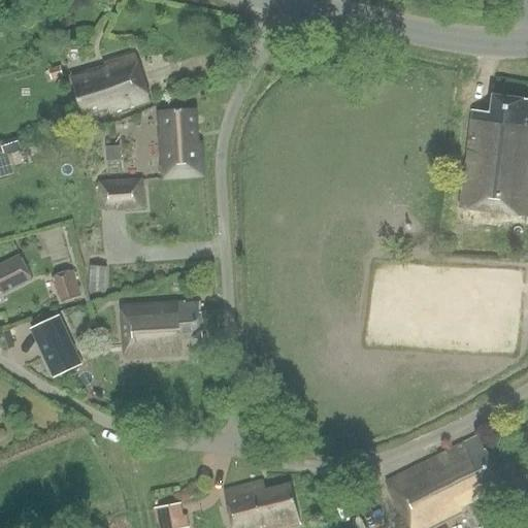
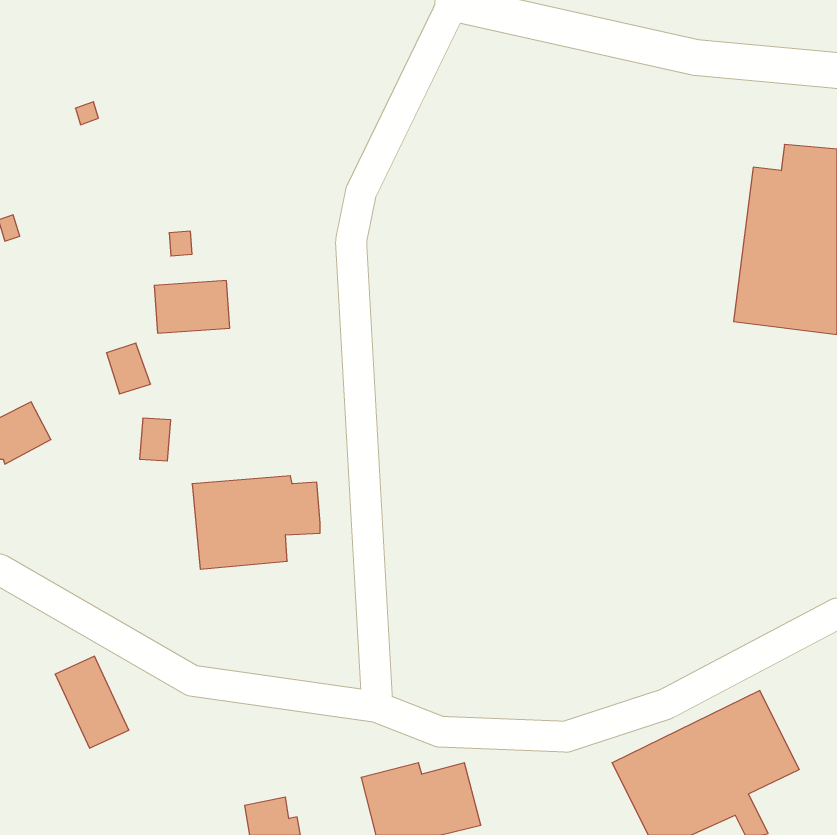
building: [68,51,145,113] -> none
building: [157,107,204,178] -> none
building: [53,268,80,300] -> [106,343,151,394]
building: [33,318,79,375] -> [55,656,129,748]

